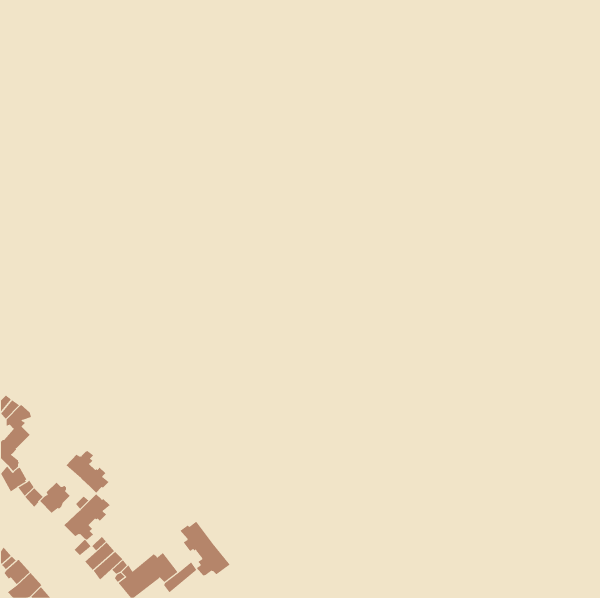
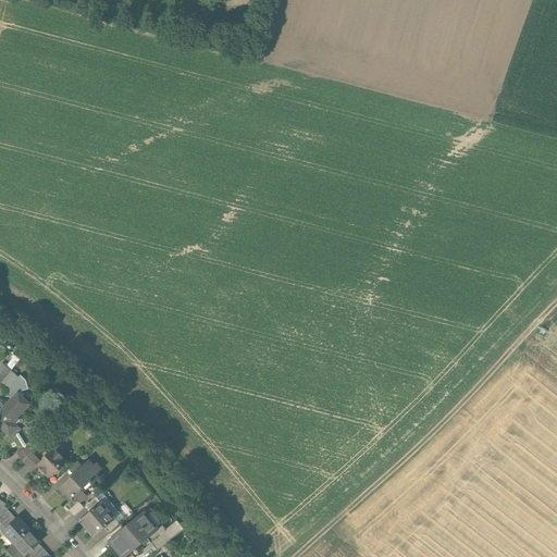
building: [66,450,109,493] -> none
building: [180,521,231,576] -> none

